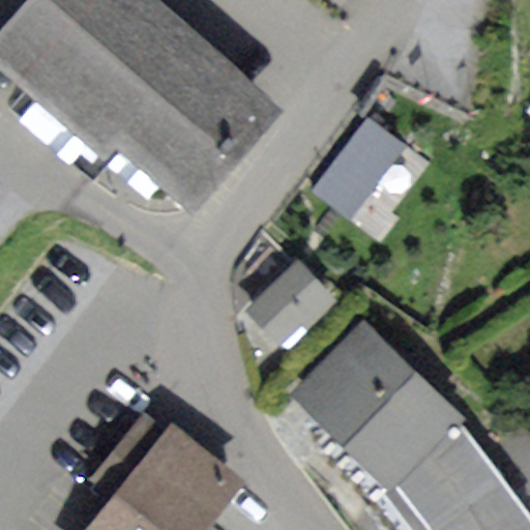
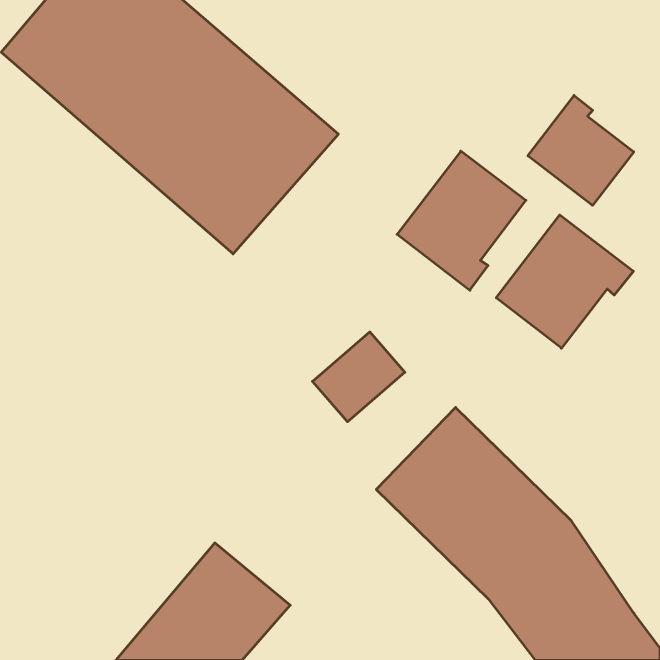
building: none -> [528,95,634,205]
building: none -> [496,215,633,348]

